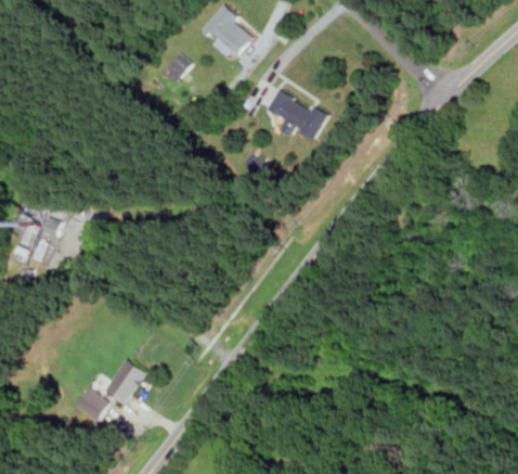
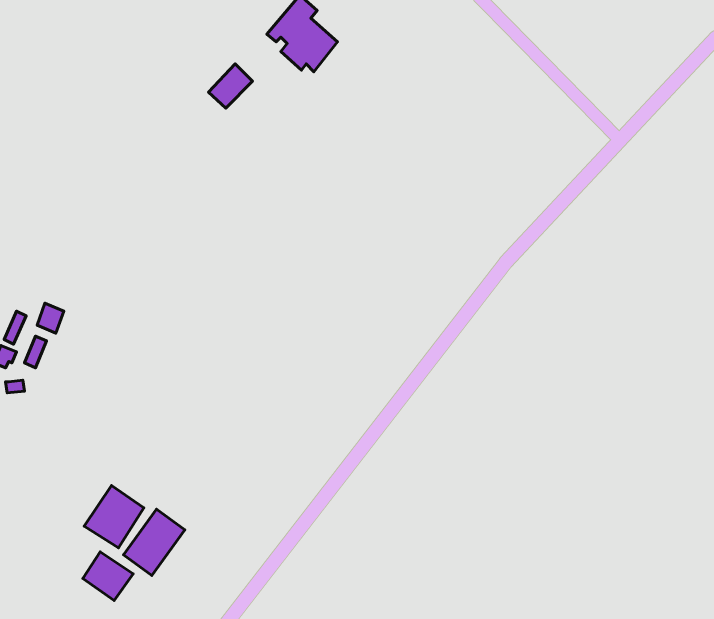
building: [268,90,325,139] -> none
building: none -> [84,485,144,548]

